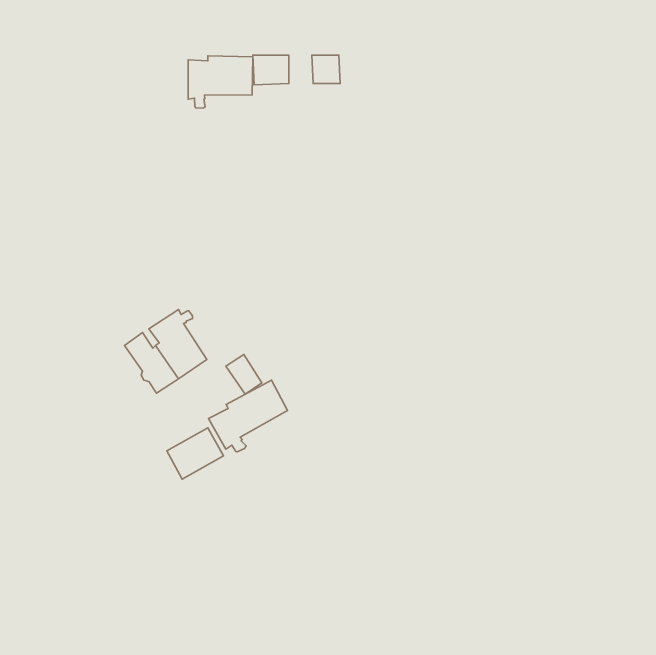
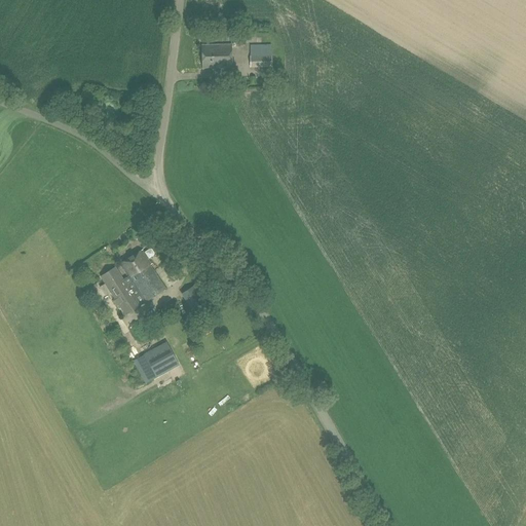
building: [188,56,253,108] -> none
building: [209,380,287,452] -> none

